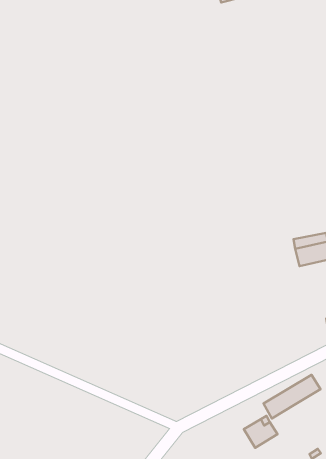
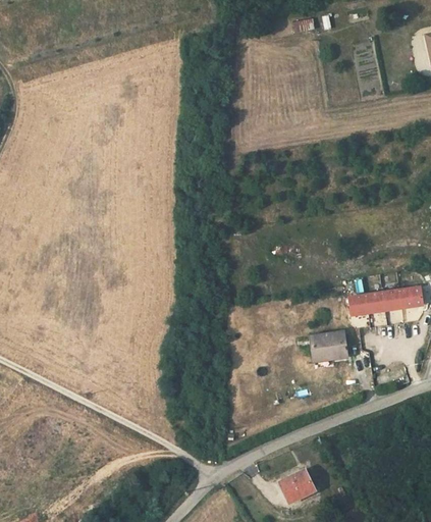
building: none -> [310,332,346,359]
building: [263,375,321,418] -> none

